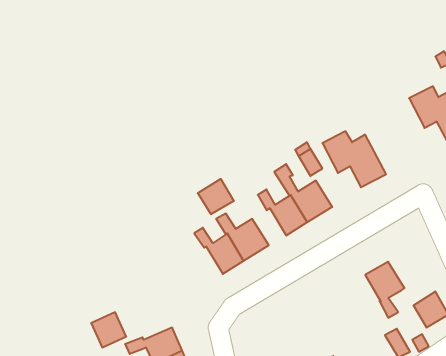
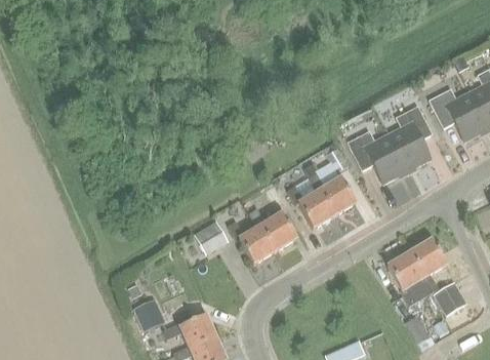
building: none -> [387,105,433,170]
building: [198,179,234,214] -> [193,221,227,253]
building: none -> [409,238,447,292]

